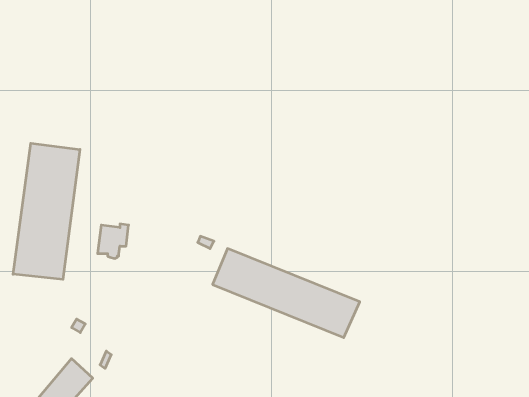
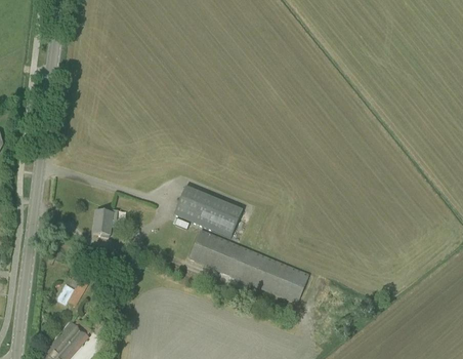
building: [13,143,80,279] -> none
building: none -> [174,186,243,238]

